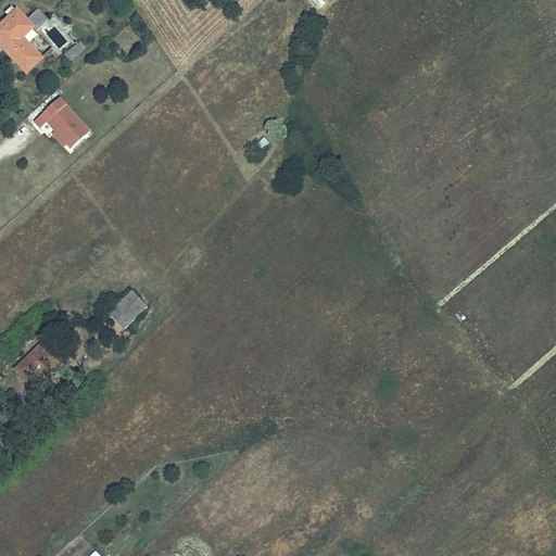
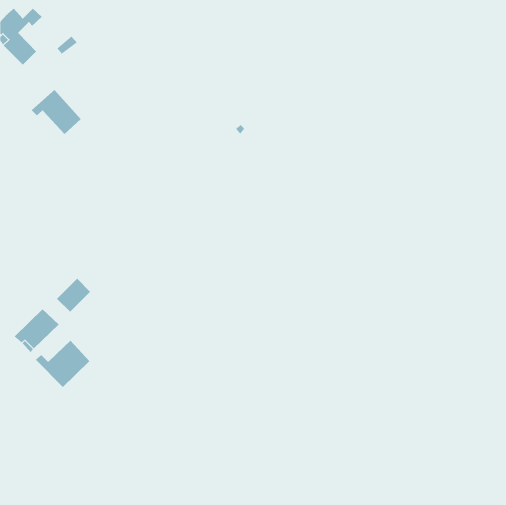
building: [109,290,147,328] -> [56,278,91,313]
building: none -> [35,340,90,388]

